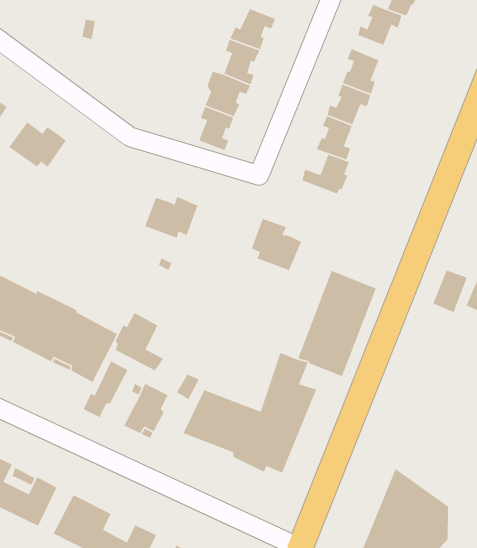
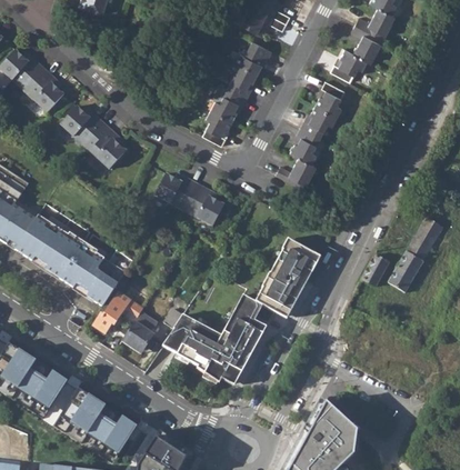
building: none -> [89,123,126,168]
building: [251,218,302,271] -> [187,183,226,226]
building: [114,312,164,371] -> none

